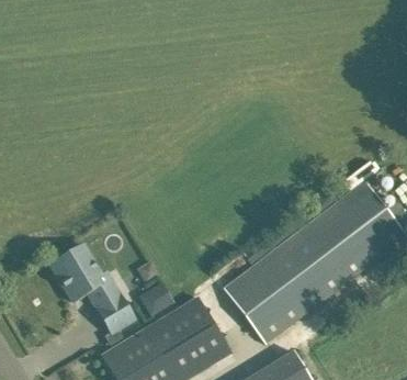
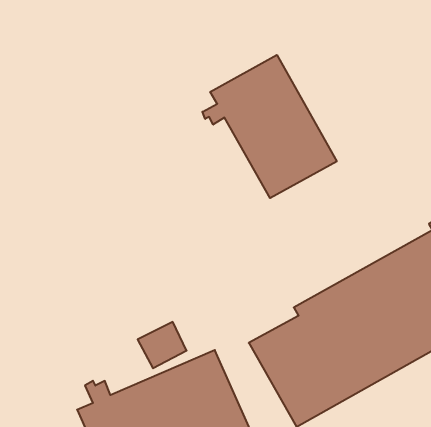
building: none -> [202,55,337,198]
building: [52,245,137,335] -> none

